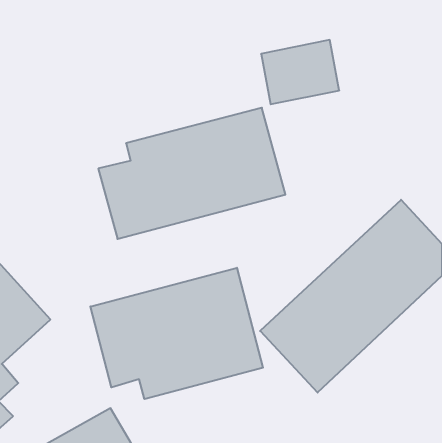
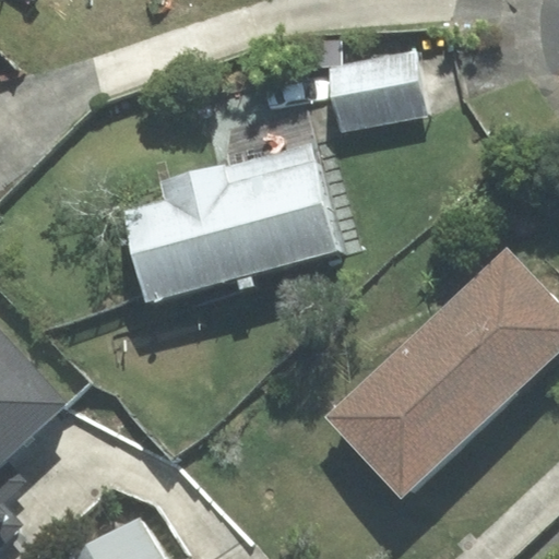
building: [90,268,263,399] -> none

